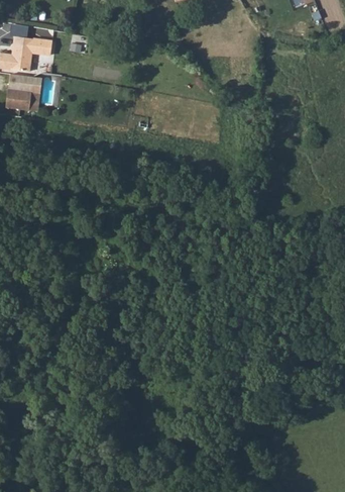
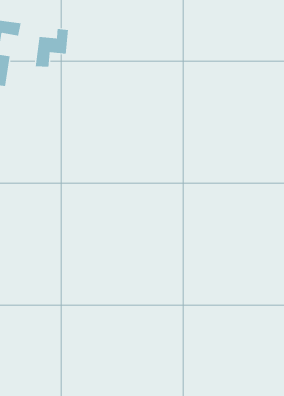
building: none -> [35,28,69,68]

